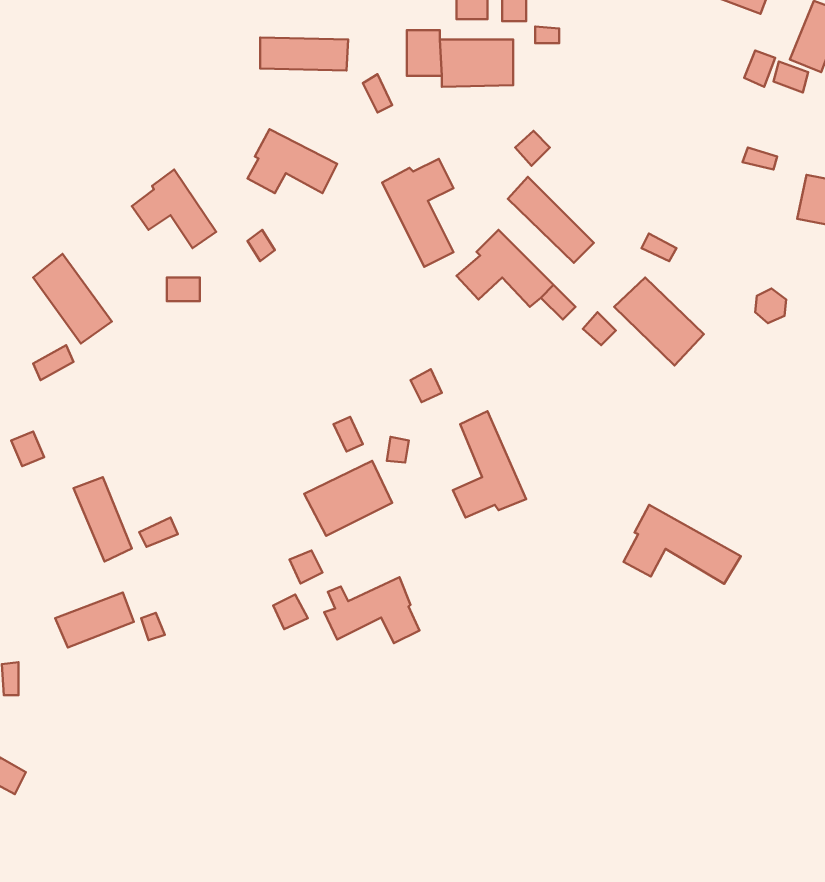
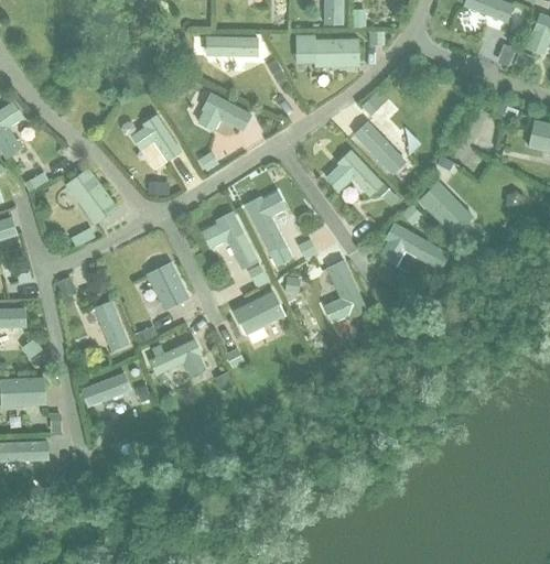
building: [382,159,454,267] -> [242,193,285,258]
building: none -> [201,213,257,272]
building: none -> [147,260,187,308]
building: [623,505,741,584] -> [378,225,449,272]
building: [324,577,420,643] -> [148,340,205,380]

